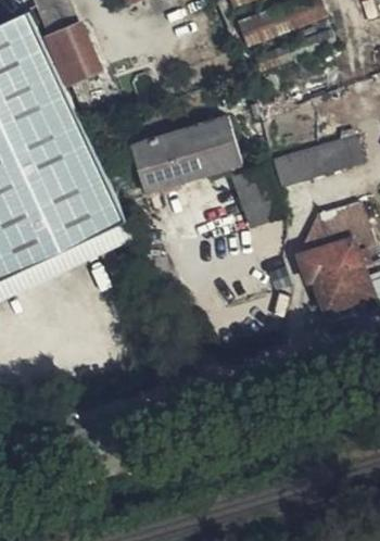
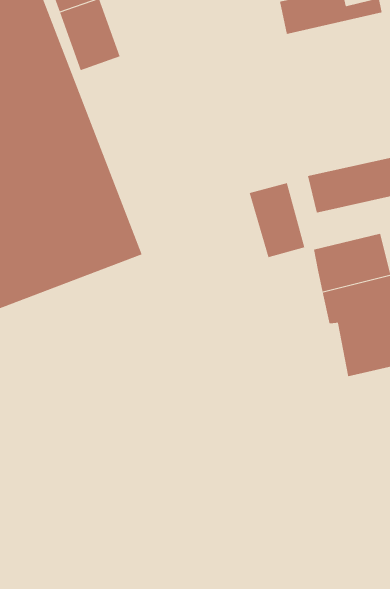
building: [127,112,238,189] -> none

